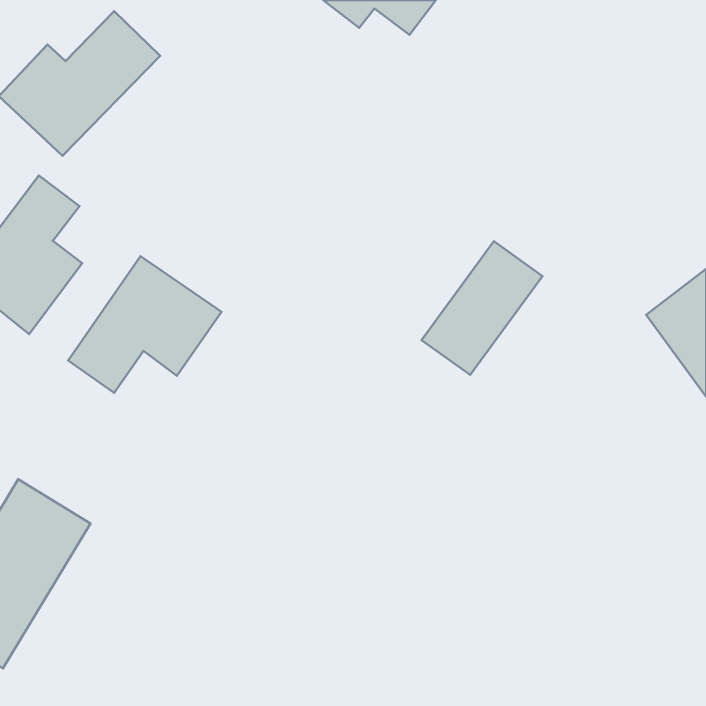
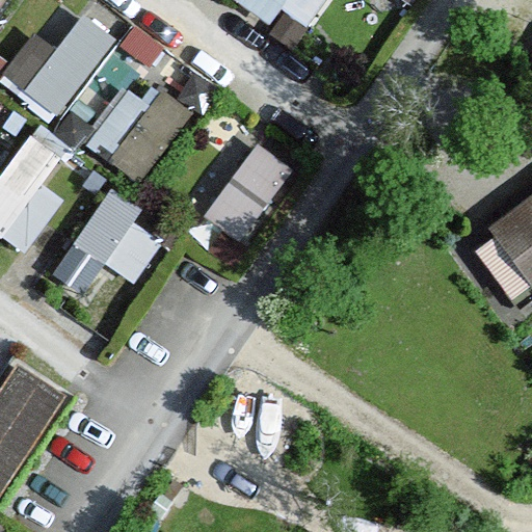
building: none -> [88,81,181,178]
building: [421,241,543,375] -> [202,143,292,243]

